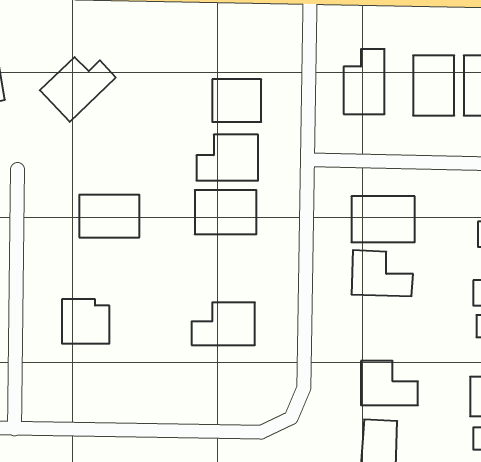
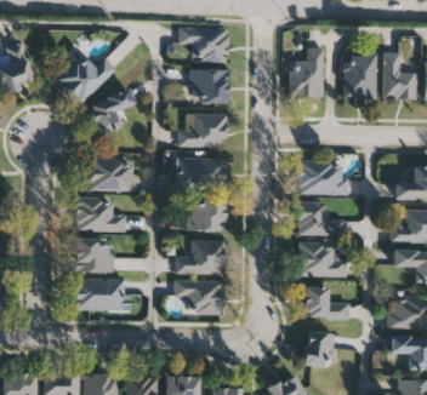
building: none -> [178,27,228,62]
building: none -> [89,91,133,134]
building: none -> [76,198,119,231]
building: none -> [187,199,226,231]
building: none -> [298,244,345,276]
building: none -> [75,280,125,310]
building: none -> [173,280,222,315]

